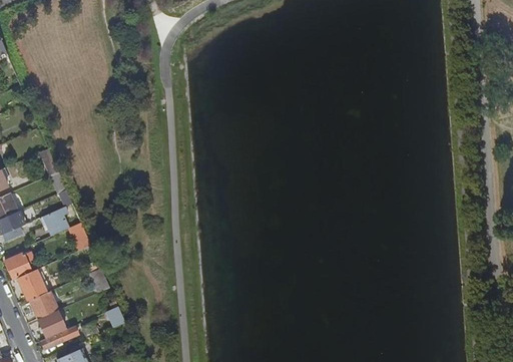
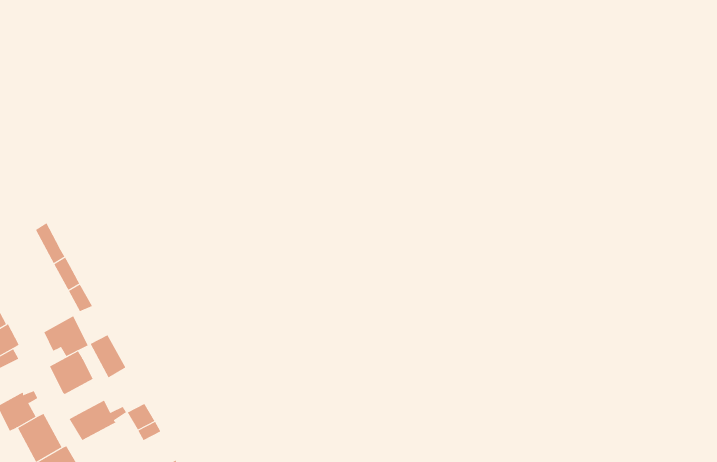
building: none -> [49,351,94,395]
building: none -> [69,400,127,441]

